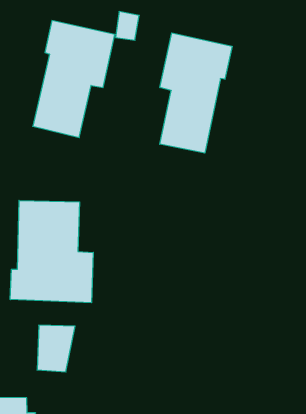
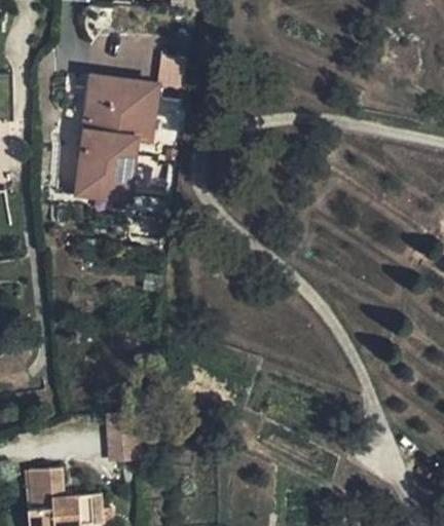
building: [160,33,232,153] -> none
building: [10,200,93,303] -> none

